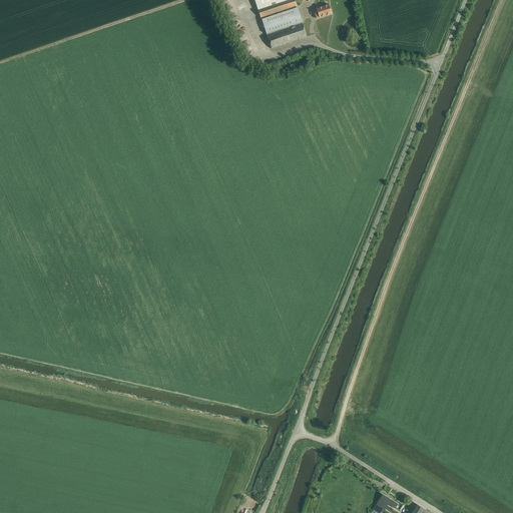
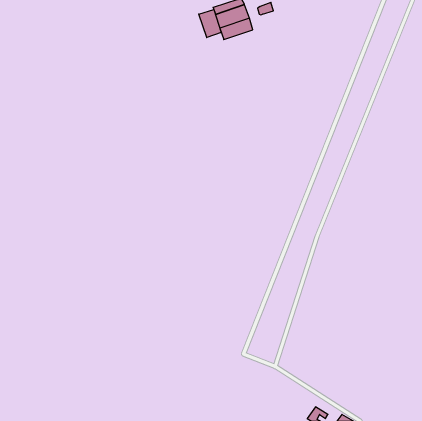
building: none -> [199,10,221,38]

